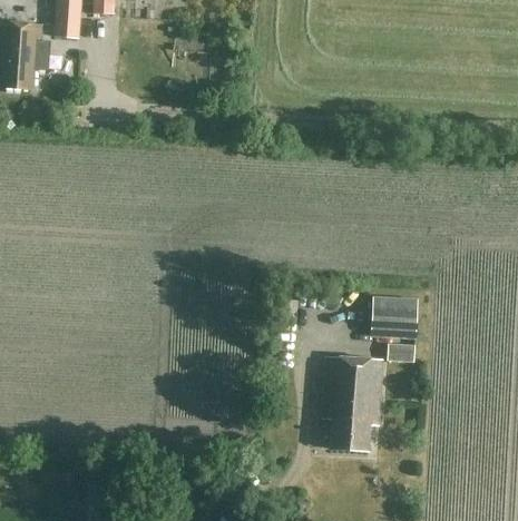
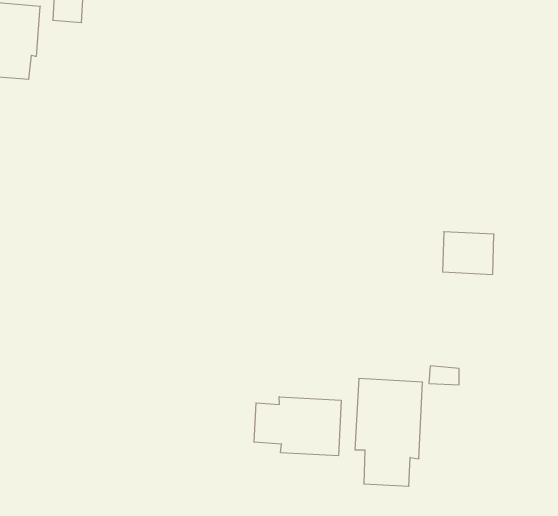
building: [371,297,417,335] -> [443,232,494,274]
building: none -> [254,397,341,456]

